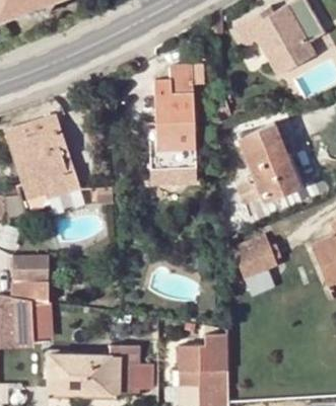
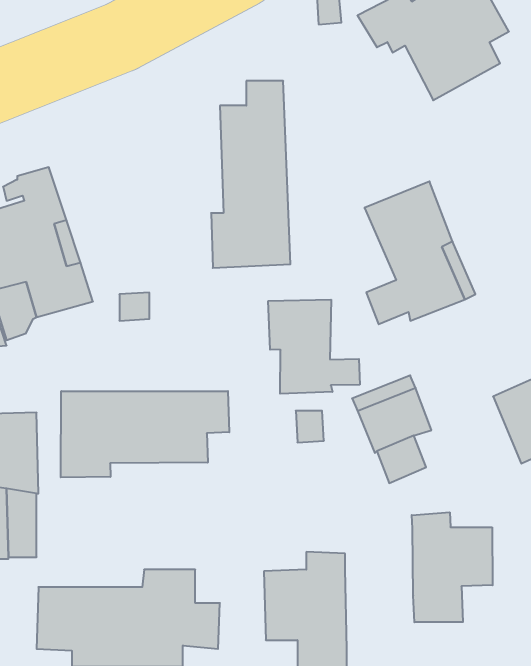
building: none -> [268,300,360,394]
building: none -> [61,391,229,477]
building: none -> [412,512,493,622]

